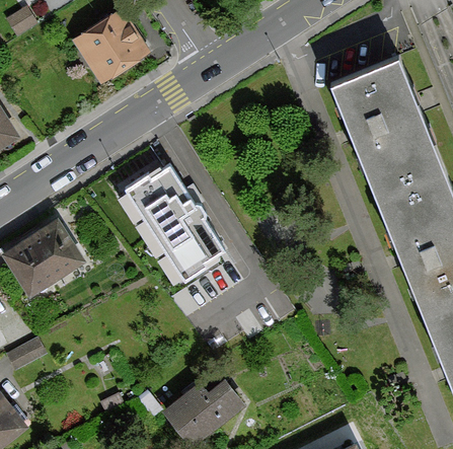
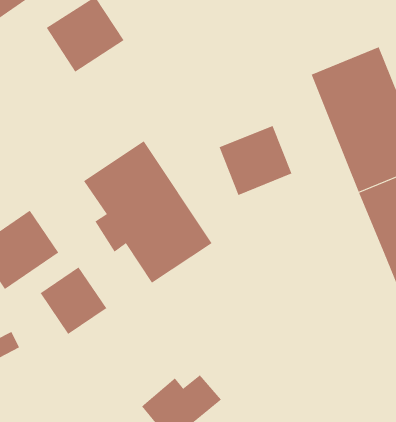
building: none -> [219,125,292,196]
building: none -> [40,266,107,335]

